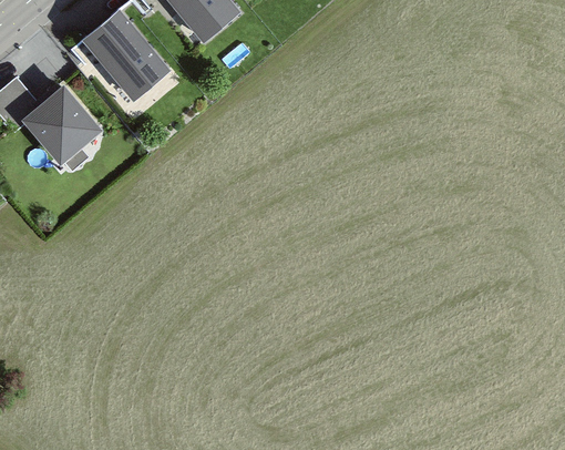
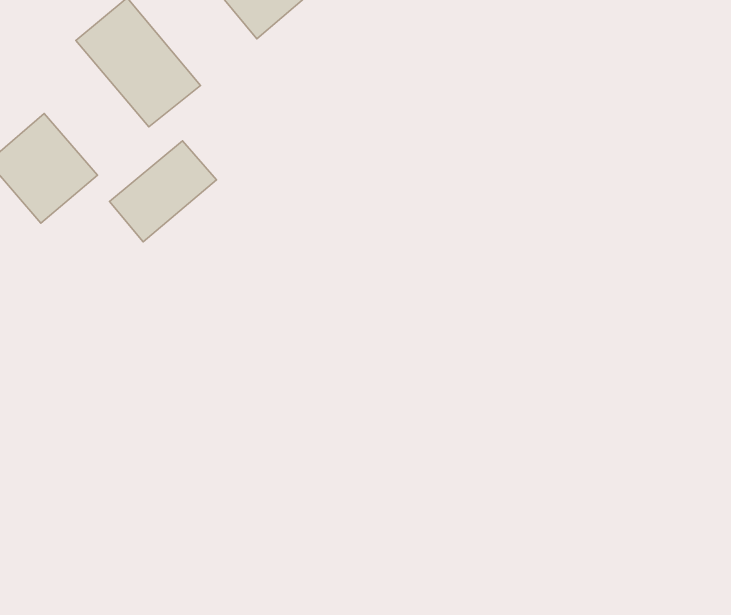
building: none -> [109,141,216,242]

